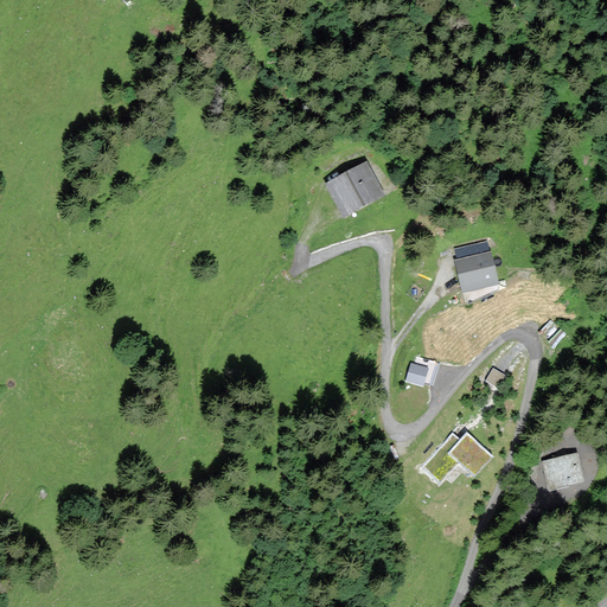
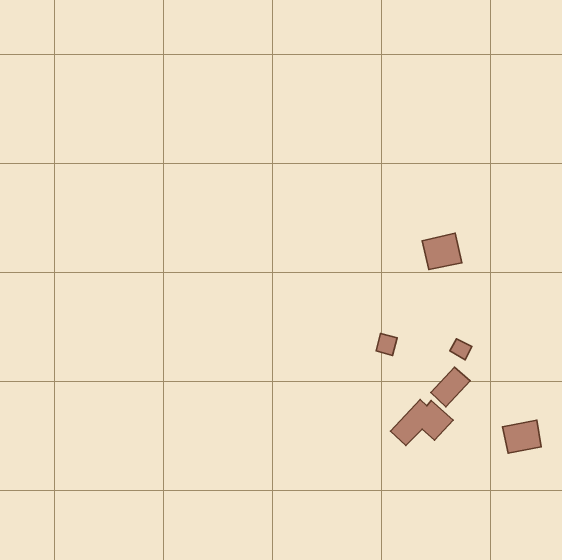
building: [325,159,385,217] -> none
building: none -> [431,367,470,407]

